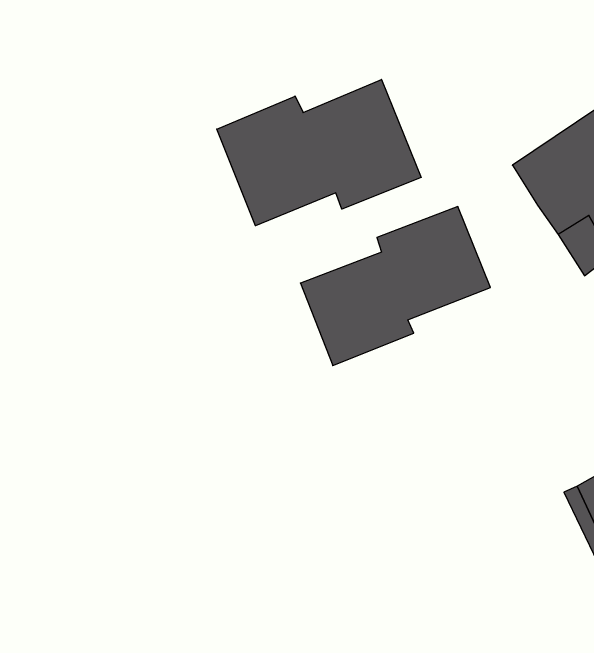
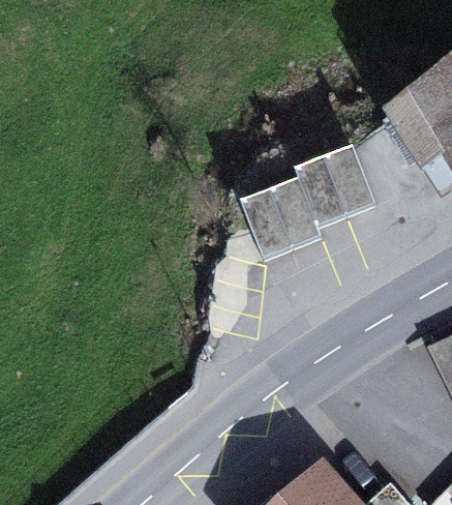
building: [217,79,421,226] -> none

